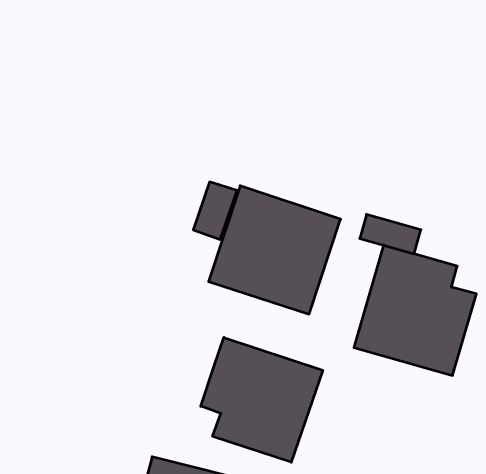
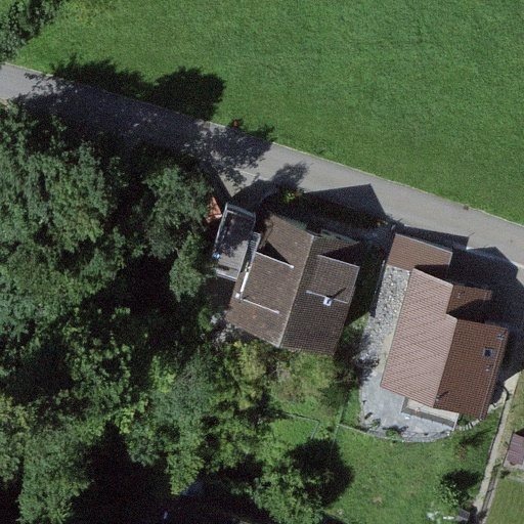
building: [201,337,323,462] -> none

